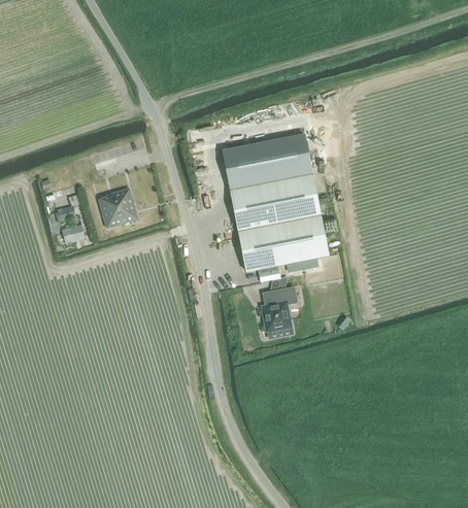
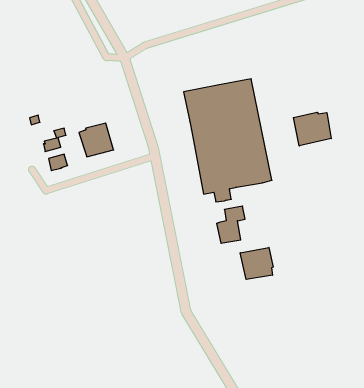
building: none -> [293,112,331,146]
building: none -> [240,247,273,279]

